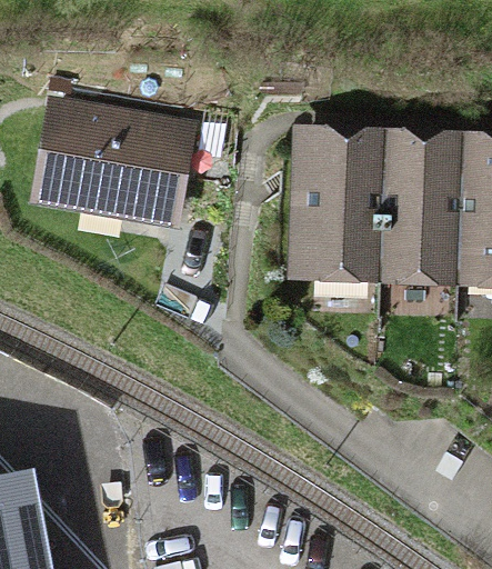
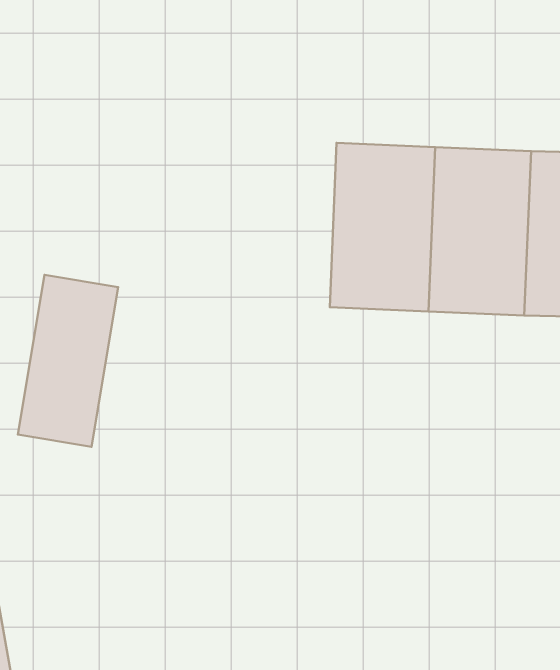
building: [43,108,190,218] -> none
building: none -> [18,275,118,447]

